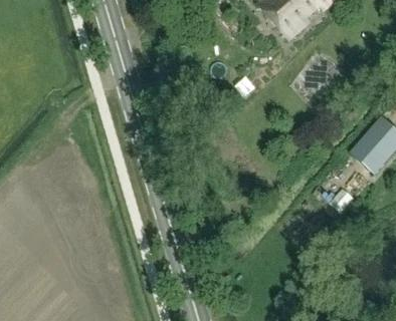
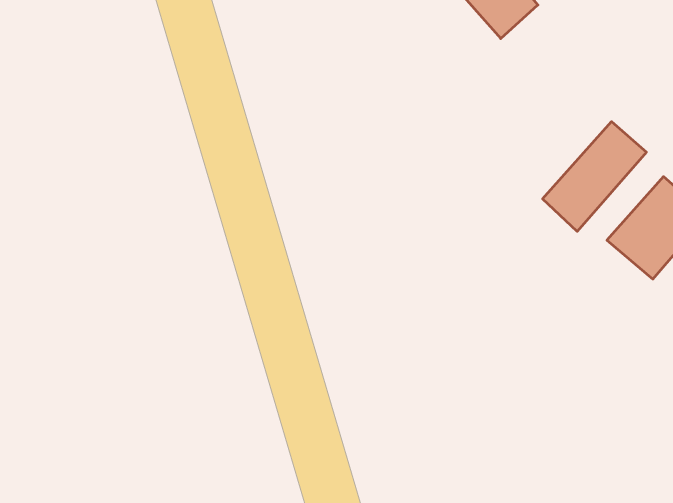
building: none -> [543,122,646,231]

